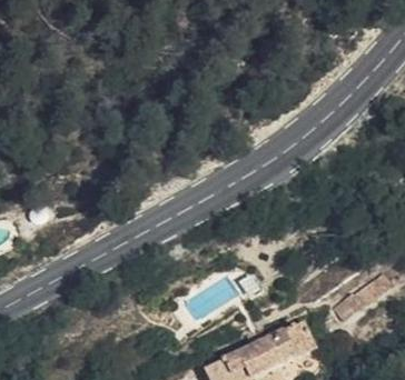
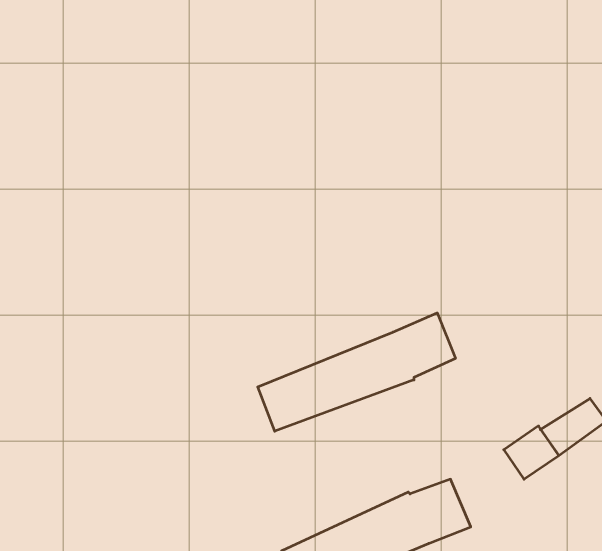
building: none -> [258,313,455,431]

